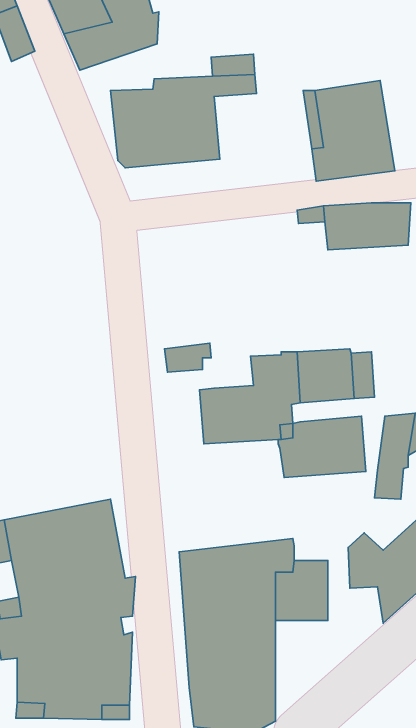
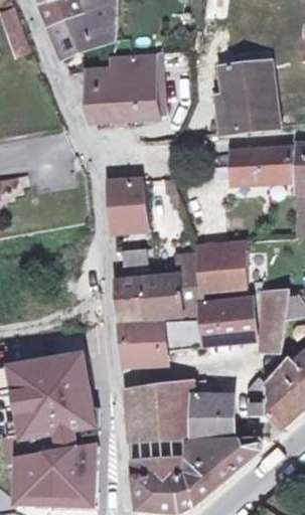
building: none -> [106,179,149,232]
building: none -> [115,278,146,318]
building: none -> [119,318,202,364]
building: none -> [195,437,259,506]

